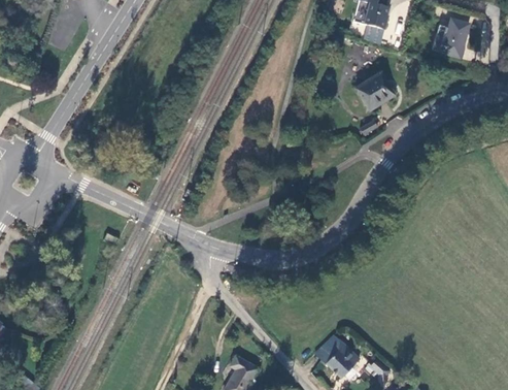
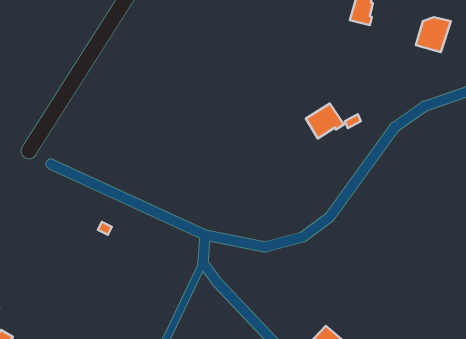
building: [354,72,394,108] -> [306,103,344,138]

